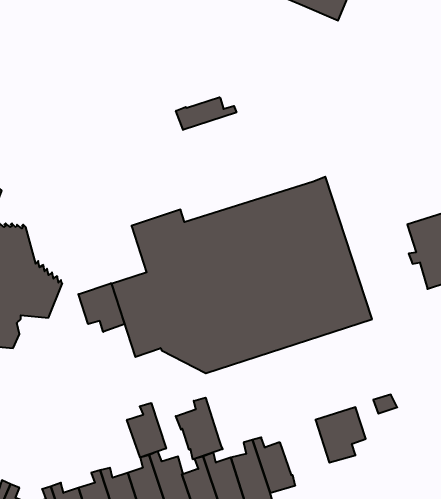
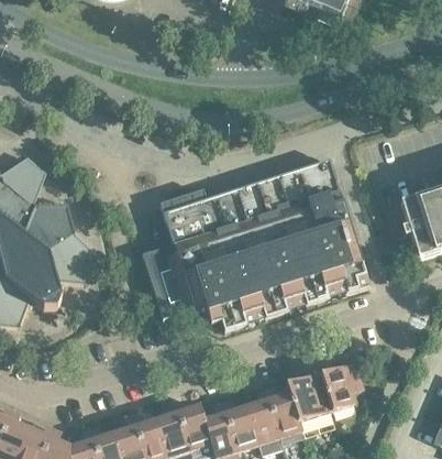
building: [176,97,236,130] -> none
building: [78,283,124,332] -> none
building: [176,398,223,459] -> none
building: [127,403,166,457] -> none
building: none -> [285,372,332,420]

